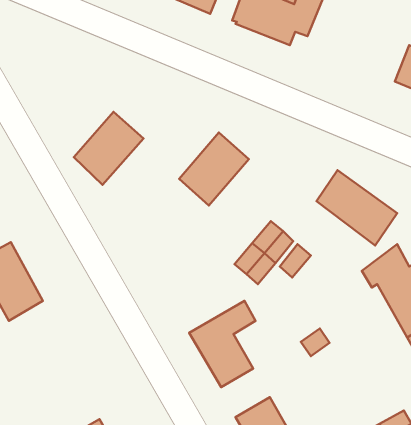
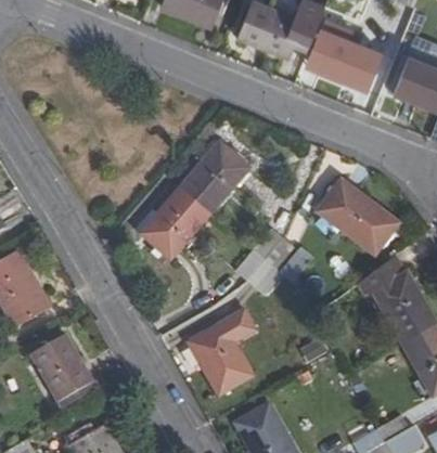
building: none -> [314,34,381,90]
building: [74,112,143,185] -> [142,190,210,261]
building: none -> [28,334,90,401]

